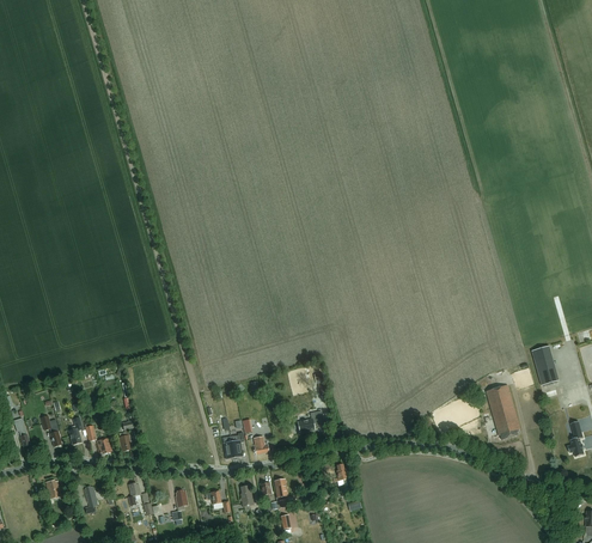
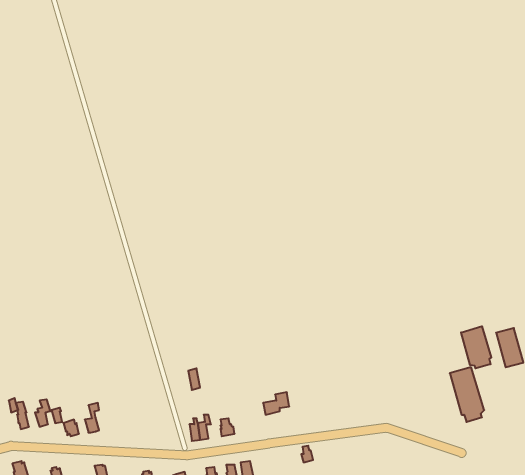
building: none -> [461,326,491,368]

